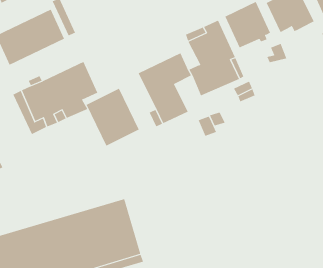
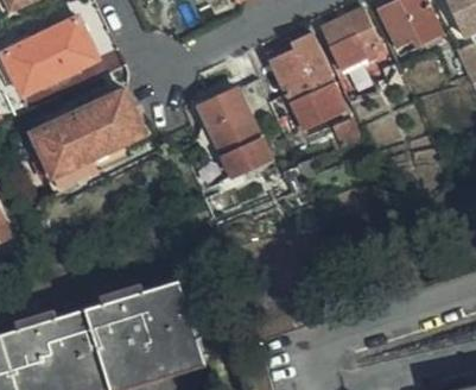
building: [86,88,140,147] -> none

